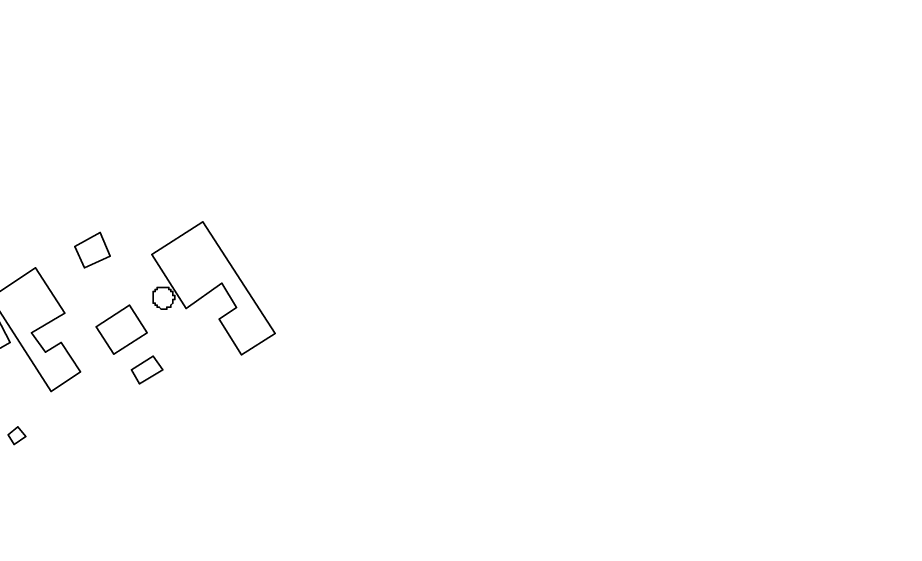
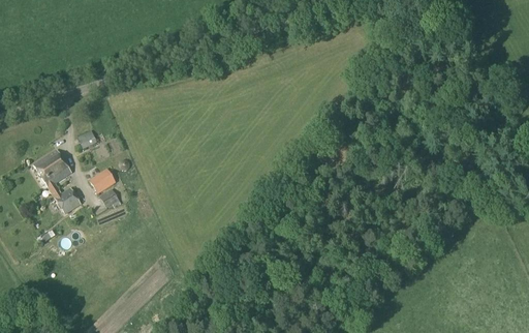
building: [152,222,275,355] -> none

